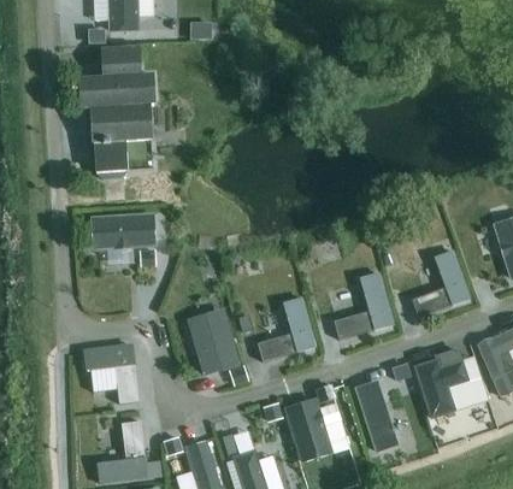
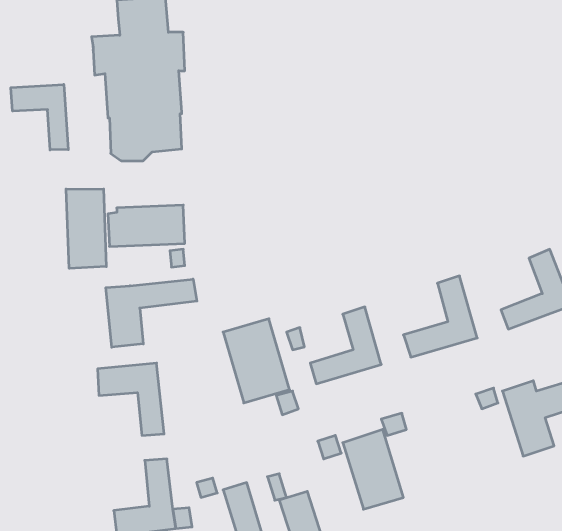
building: none -> [11,84,68,150]
building: none -> [66,189,106,268]
building: none -> [106,279,197,347]
building: [354,381,397,452] -> none

